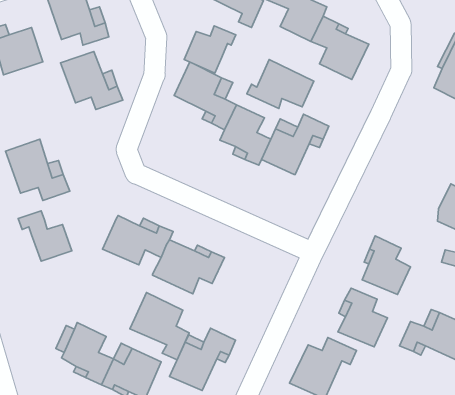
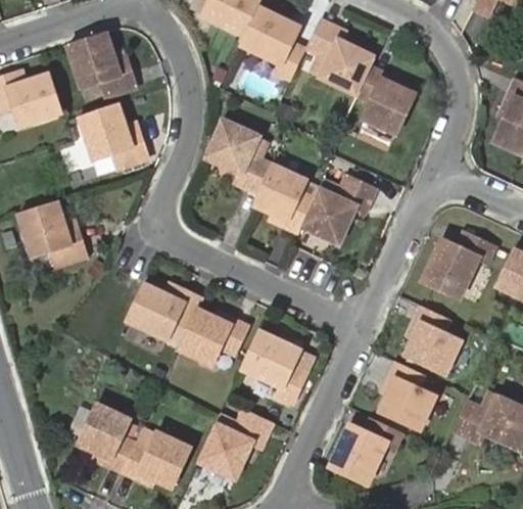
building: [184,26,236,73] -> none
building: [247,60,314,108] -> none
building: none -> [425,232,495,297]
building: [18,211,72,261] -> none
building: [130,293,189,360] -> [241,330,306,404]

